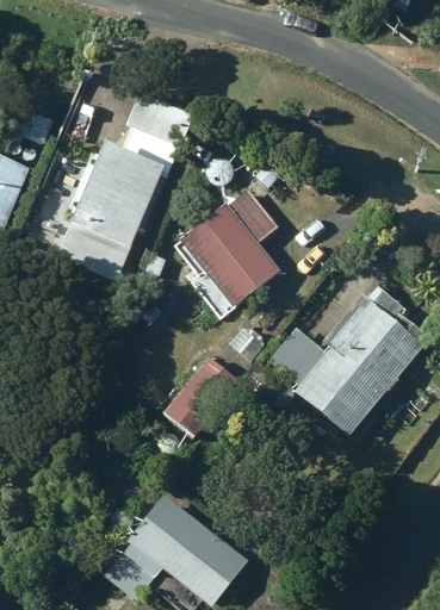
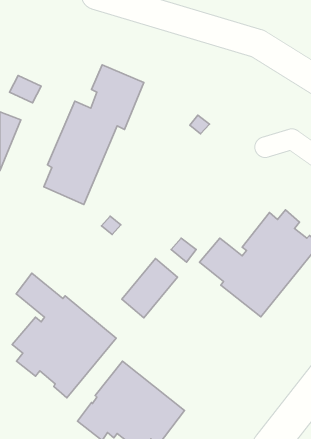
building: [175,189,283,318] -> none
building: none -> [12,273,116,398]

